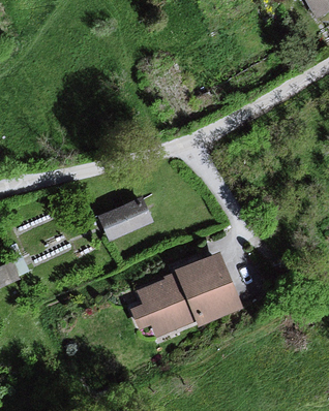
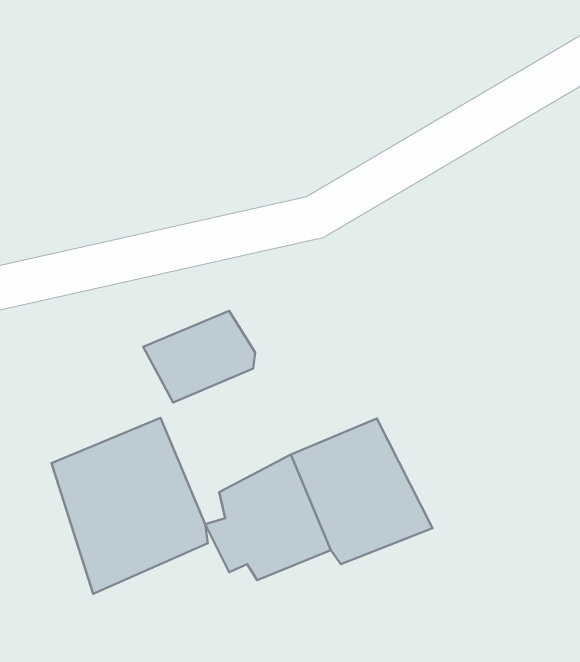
building: none -> [51,418,208,594]

